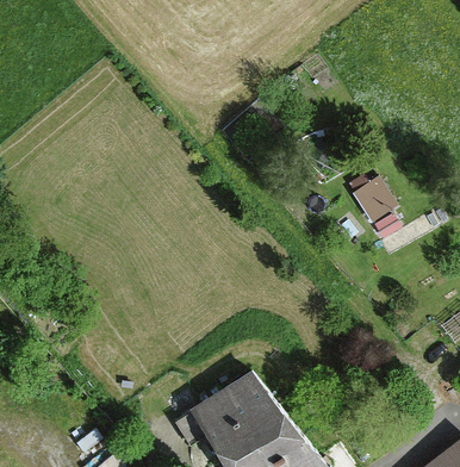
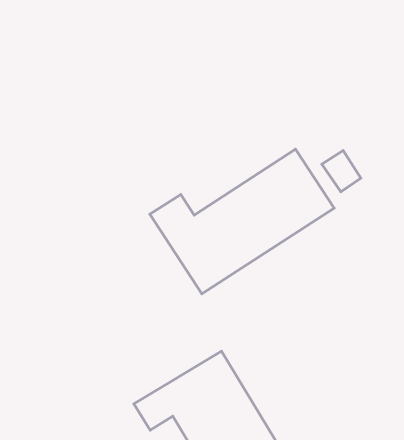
building: none -> [150,149,334,294]

